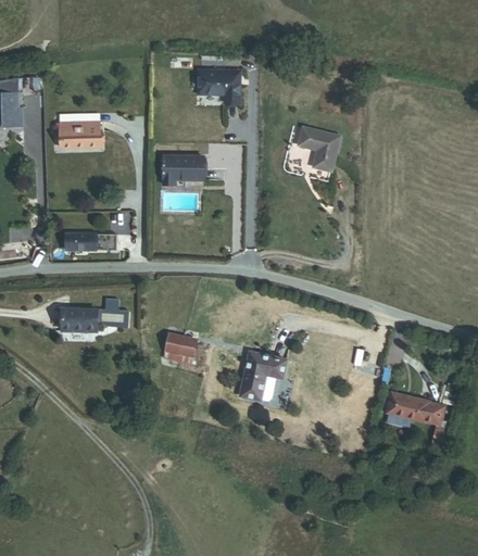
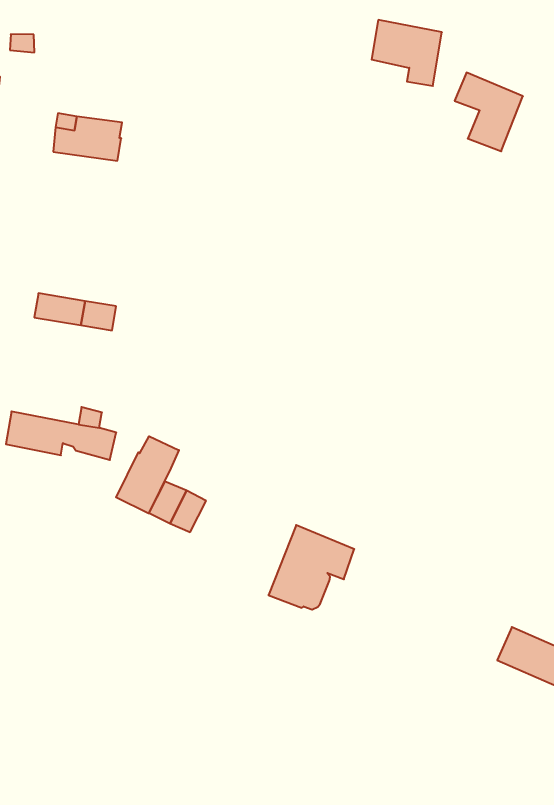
building: [199,70,239,104] -> [372,20,442,86]
building: [299,128,340,173] -> [455,73,523,151]
building: [162,156,202,185] -> none
building: none -> [116,436,179,513]

